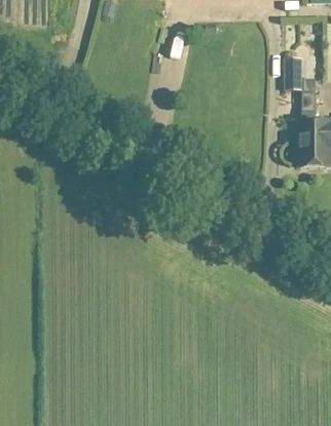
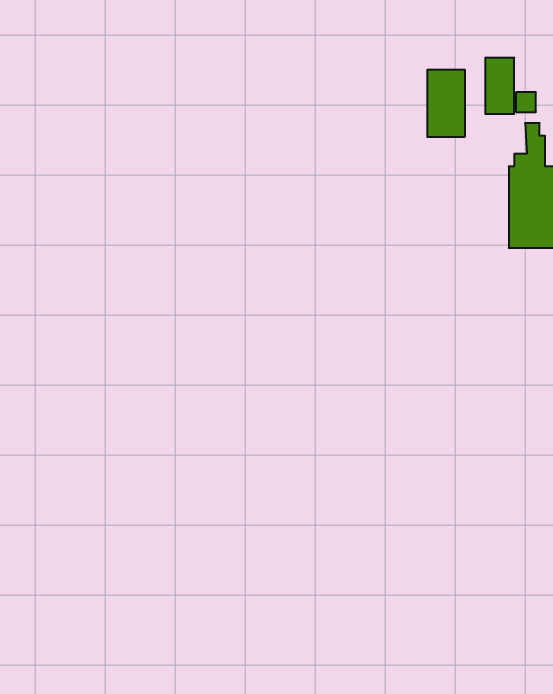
building: none -> [427,70,465,137]

